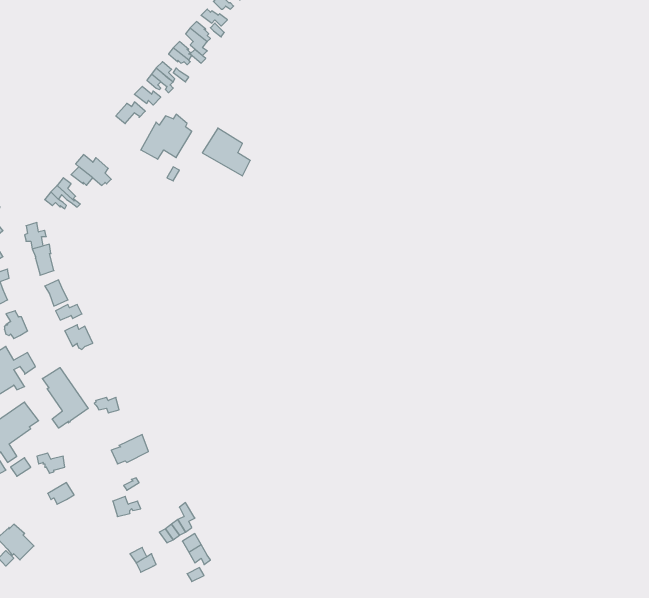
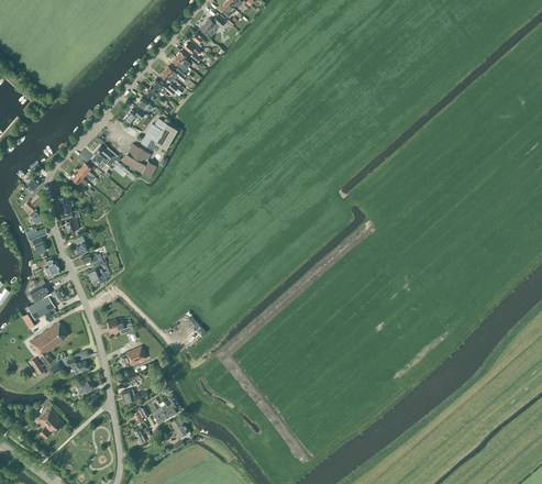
building: [202,128,250,176] -> [121,143,155,177]
building: [42,368,88,428] -> none

